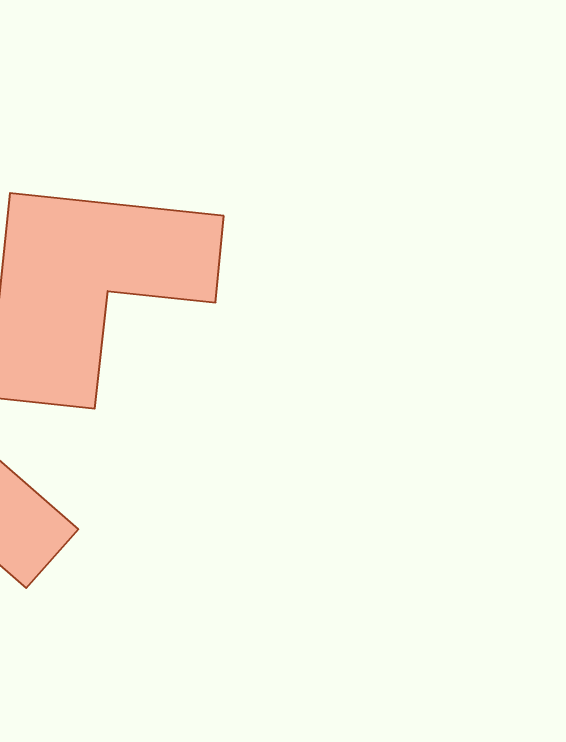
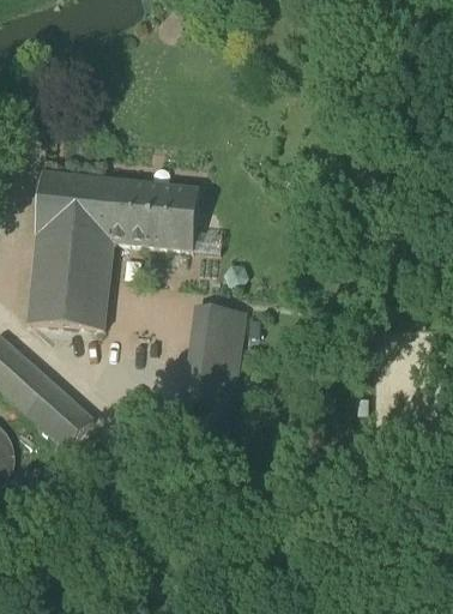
building: none -> [180,299,250,407]

